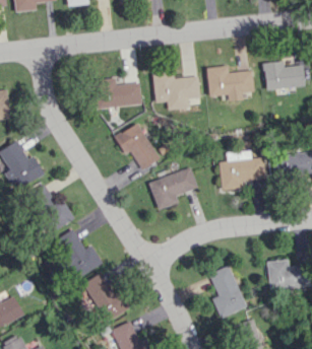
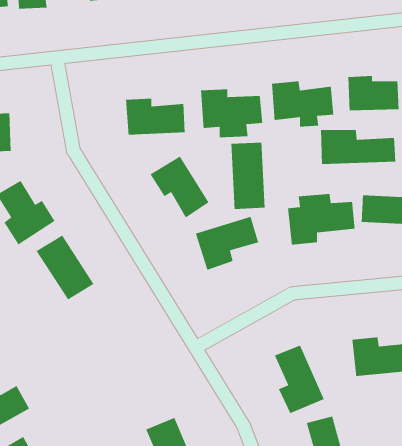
building: none -> [320,129,396,165]
building: none -> [231,142,265,210]
building: [54,229,103,279] -> none
building: [83,272,125,323] -> none

